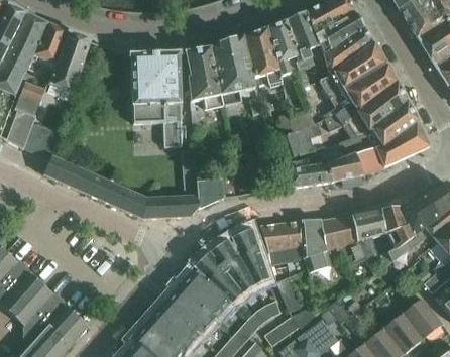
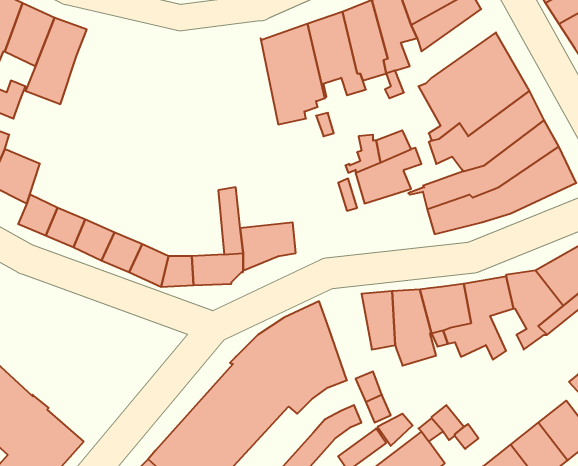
building: [322,26,373,74] -> none
building: [186,46,223,128] -> none
building: [130,51,181,146] -> none
building: [286,152,331,187] -> none
building: [259,223,288,264] -> none

